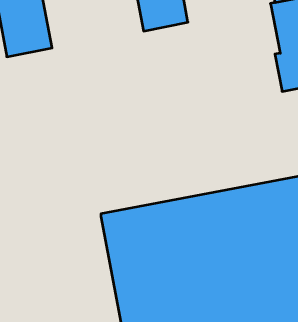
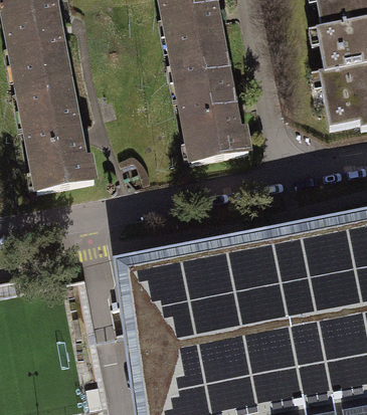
building: none -> [171,45,246,157]
building: none -> [16,74,93,186]

